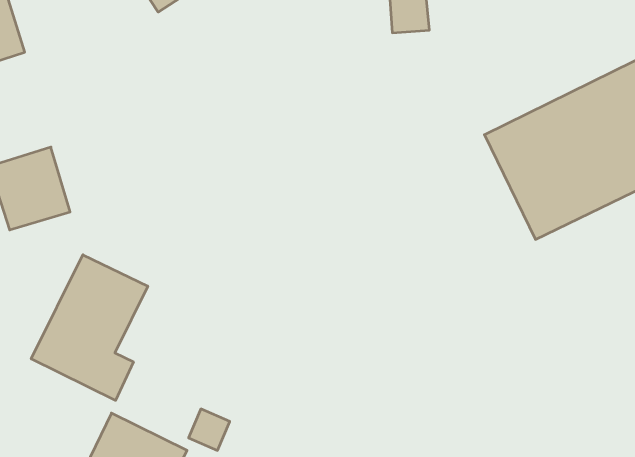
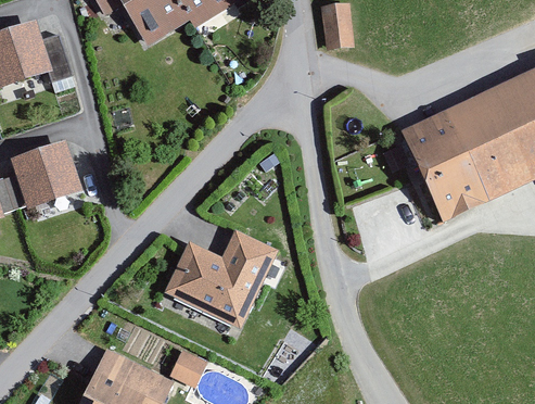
building: [31,255,148,400] -> none
building: none -> [173,235,272,323]

